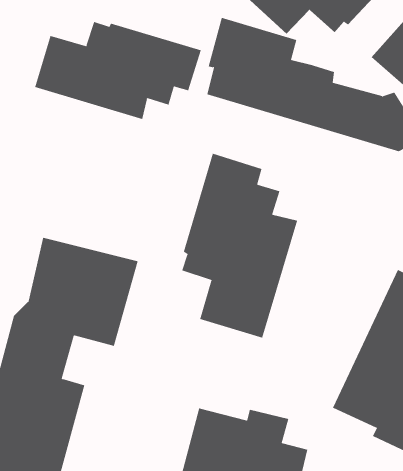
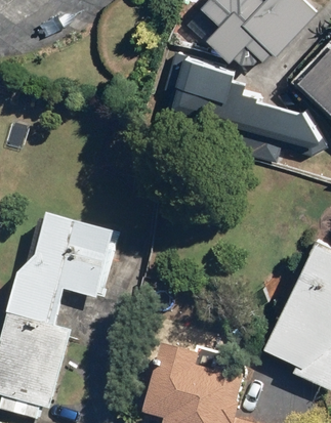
building: [34,21,202,120] -> none
building: [182,153,298,339] -> none

